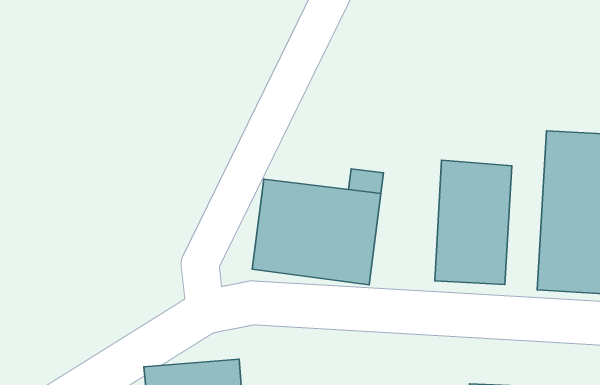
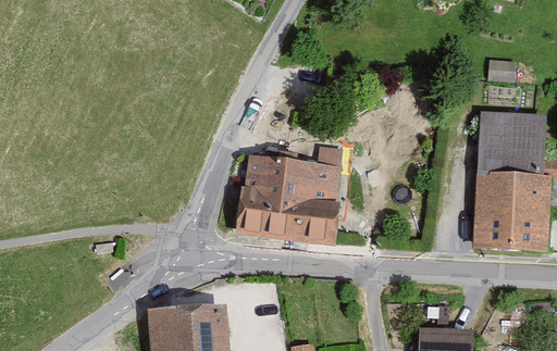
building: [435,160,512,285] -> none

